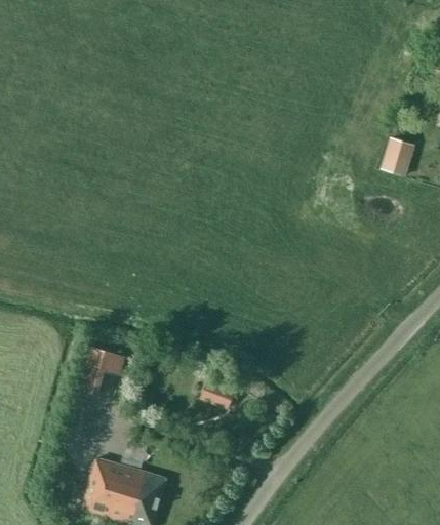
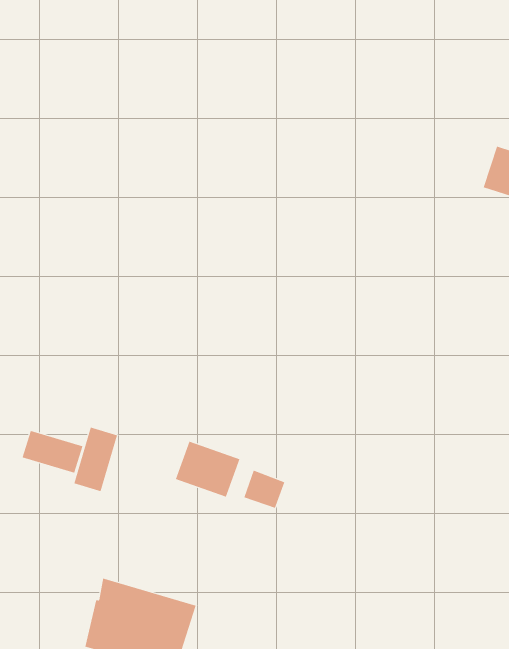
building: none -> [22,430,83,473]
building: none -> [175,441,240,497]

